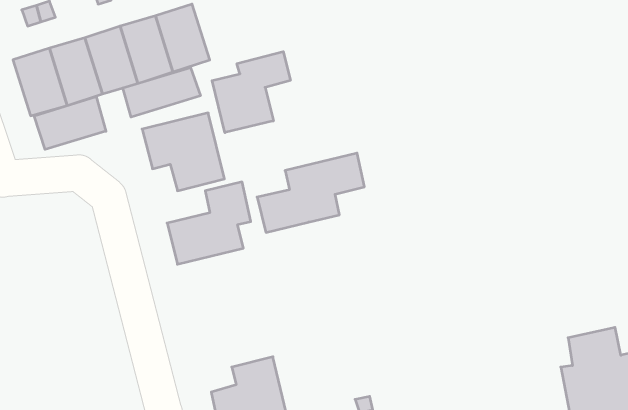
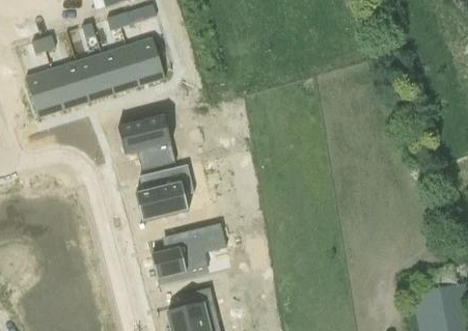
building: [212,52,290,133] -> none
building: [123,67,200,117] -> none
building: [34,97,106,149] -> none
building: [257,153,364,232] -> [150,221,226,277]

